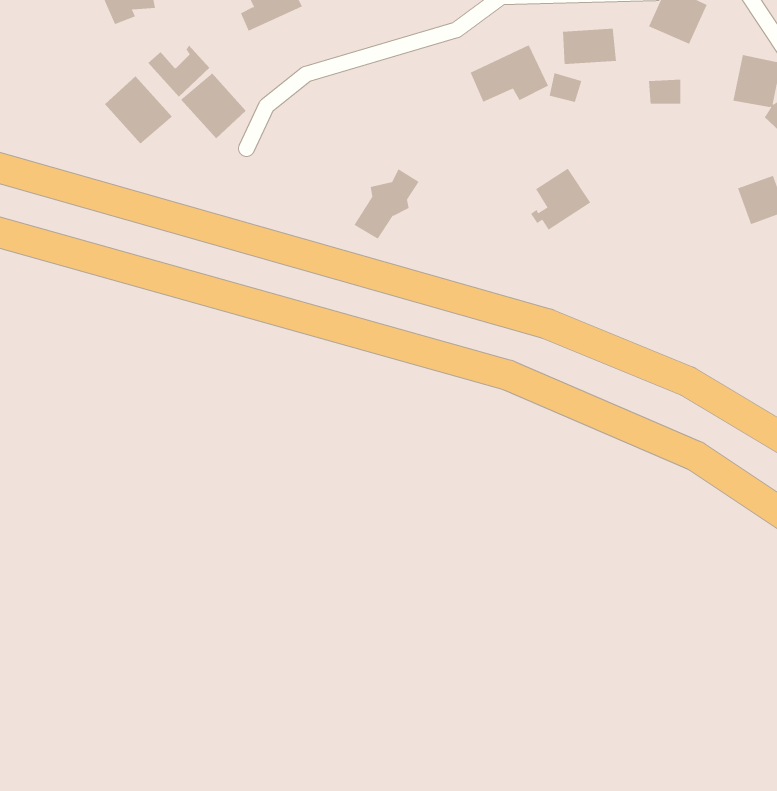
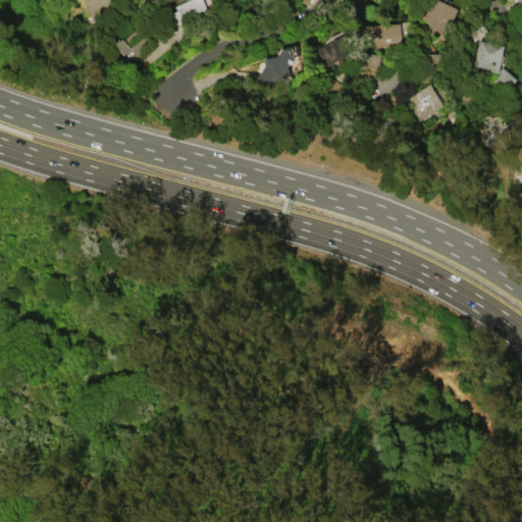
building: [180,73,247,139] -> none
building: [104,75,173,144] -> none
building: [530,168,591,231] -> [407,84,445,122]
building: [353,169,420,240] -> [255,48,296,92]

